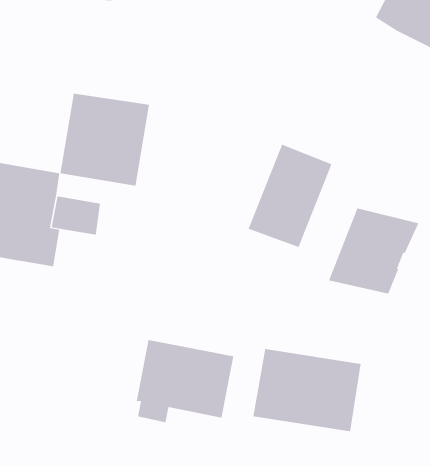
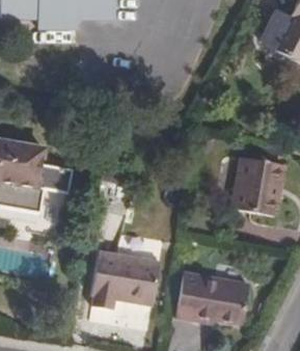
building: [60,93,150,187] -> none
building: [248,144,332,248] -> none

